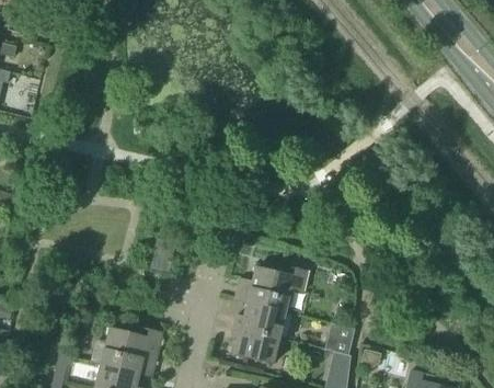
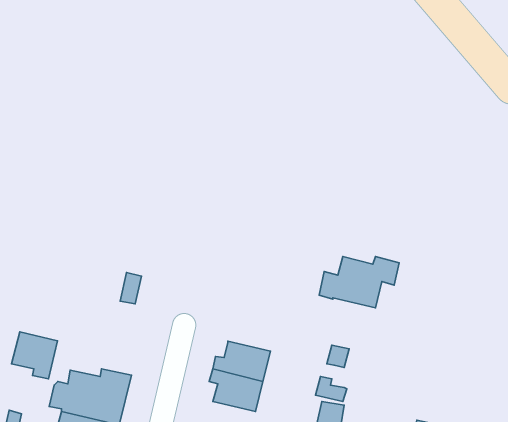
building: [235,266,306,311] -> [319,256,399,308]
building: none -> [11,332,58,379]

